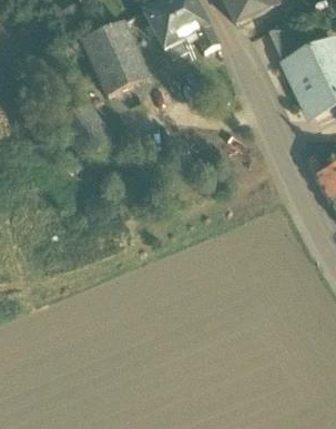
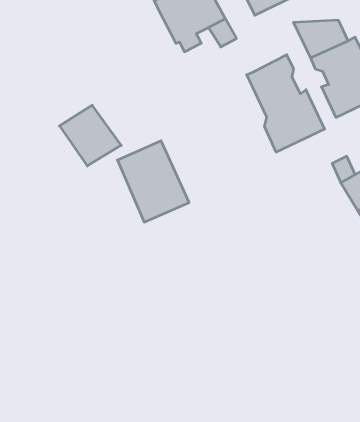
building: [81,20,146,94] -> [117,141,189,222]
building: none -> [247,55,325,152]

